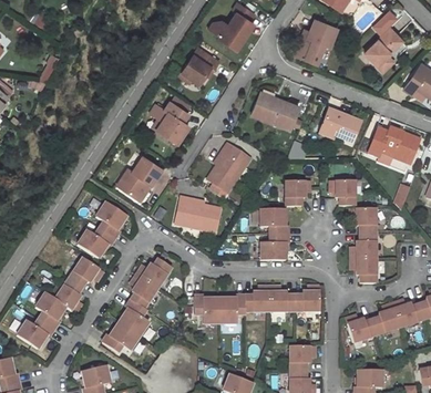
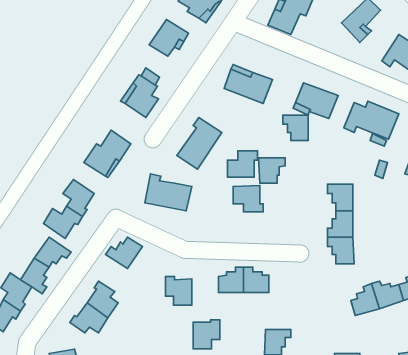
building: [331,180,356,205] -> [283,115,308,140]
building: [260,234,289,259] -> [228,151,258,177]
building: [131,275,158,309] -> none
building: [295,286,321,311] -> none
building: [220,296,246,323] -> [193,320,220,349]
building: [346,316,378,342] -> none

